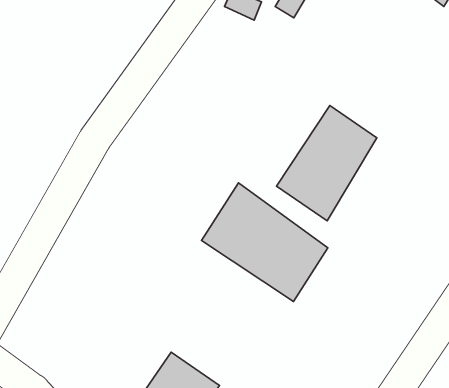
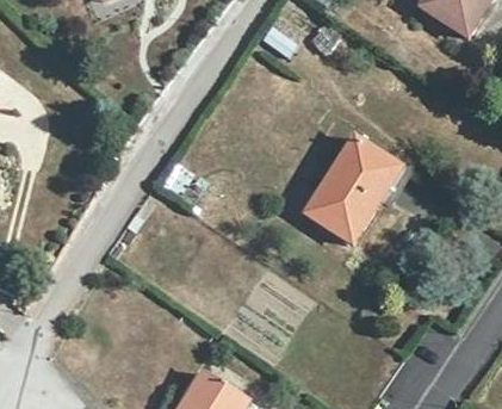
building: [201,183,328,301] -> none

